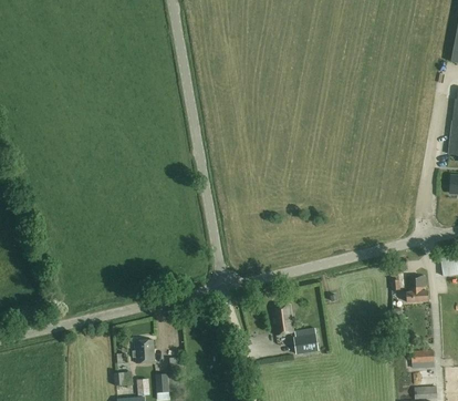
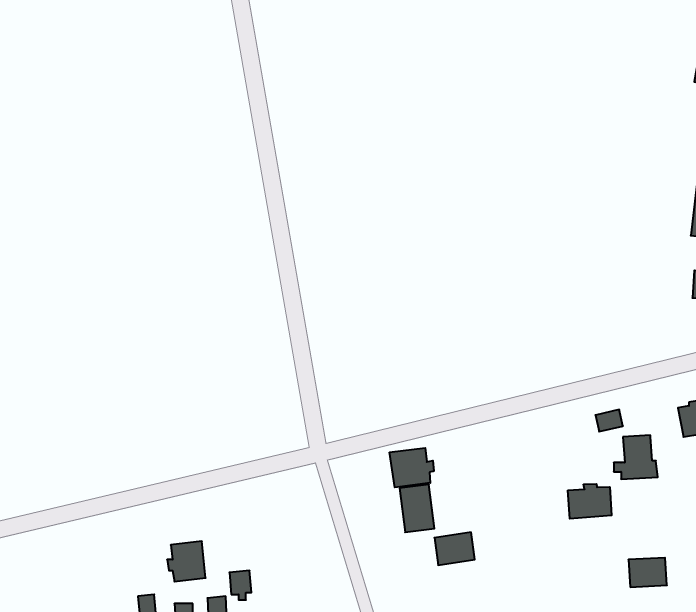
building: none -> [390,448,434,487]
building: none -> [568,484,612,519]

